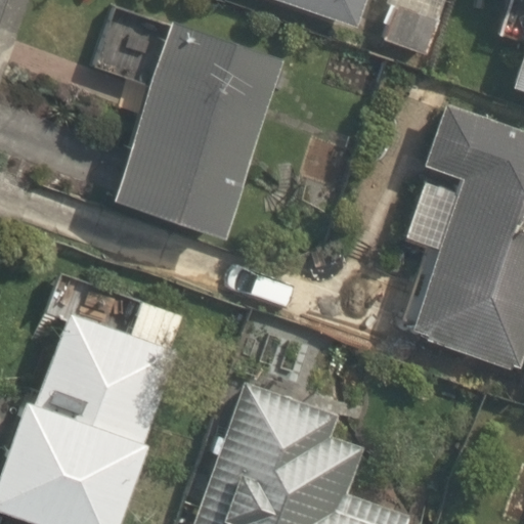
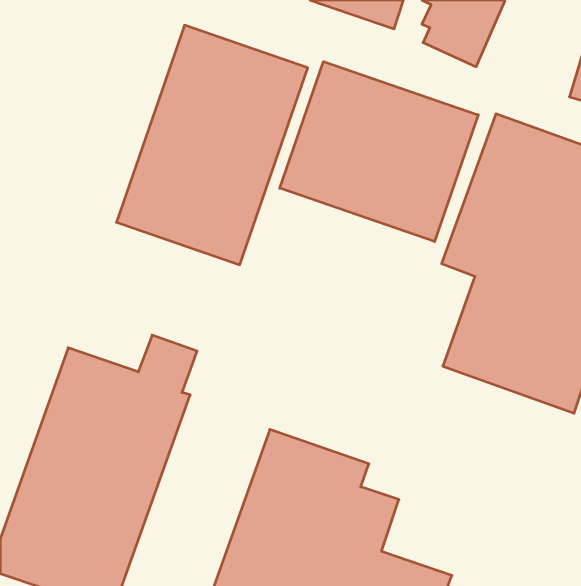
building: none -> [280,62,478,242]

